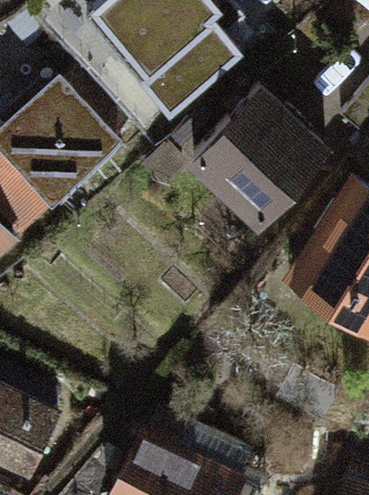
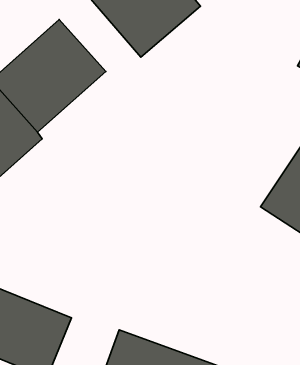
building: [186,91,322,228] -> none

